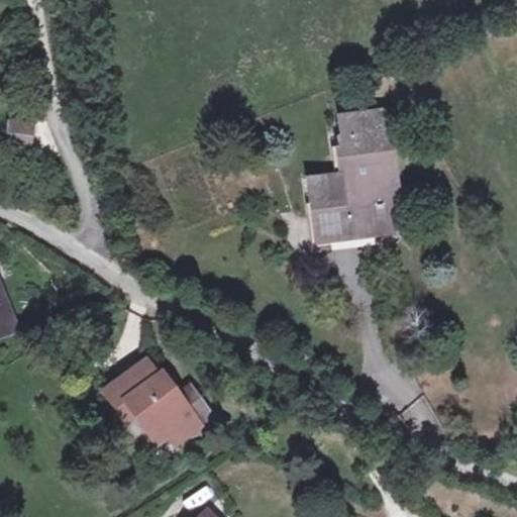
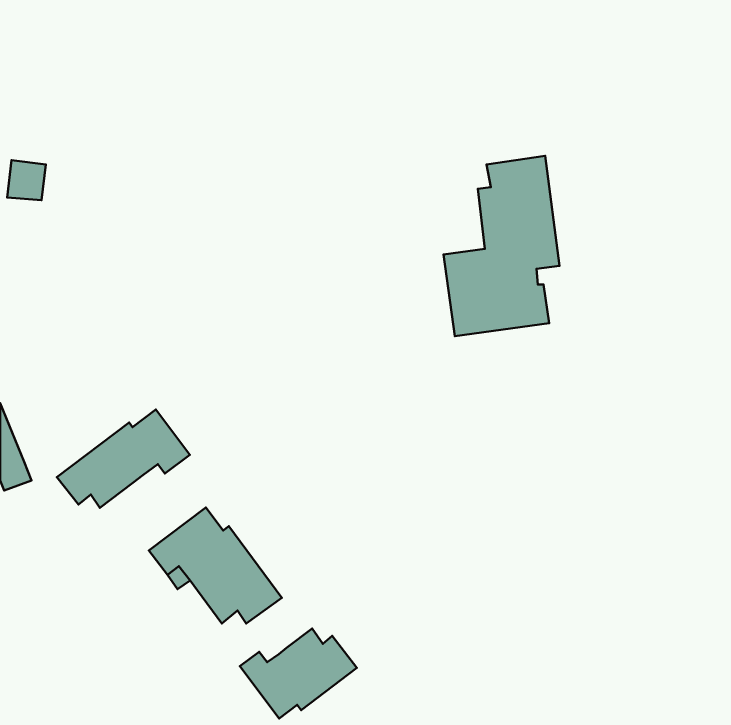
building: none -> [57,410,190,508]
building: none -> [240,628,357,718]

